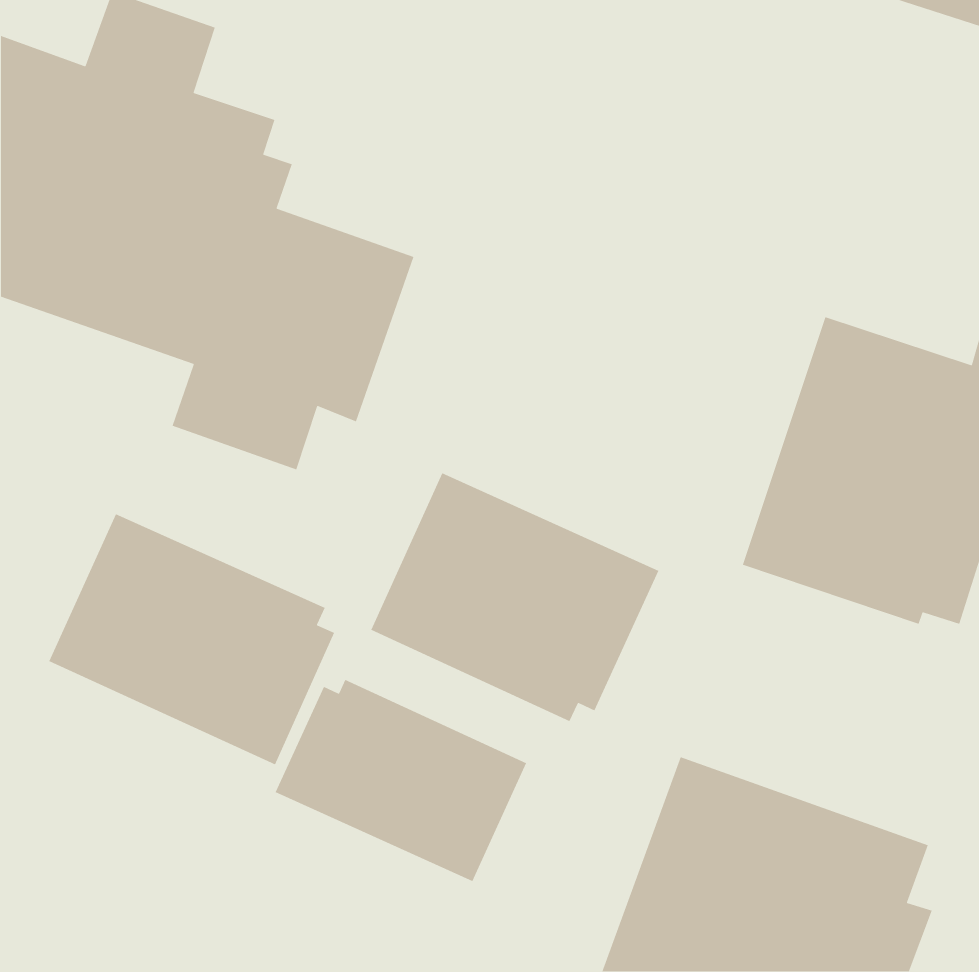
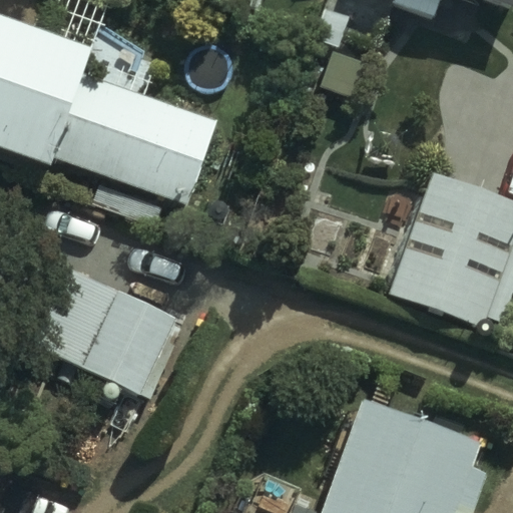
building: [370,472,660,722] -> none
building: [274,679,527,882] -> none

